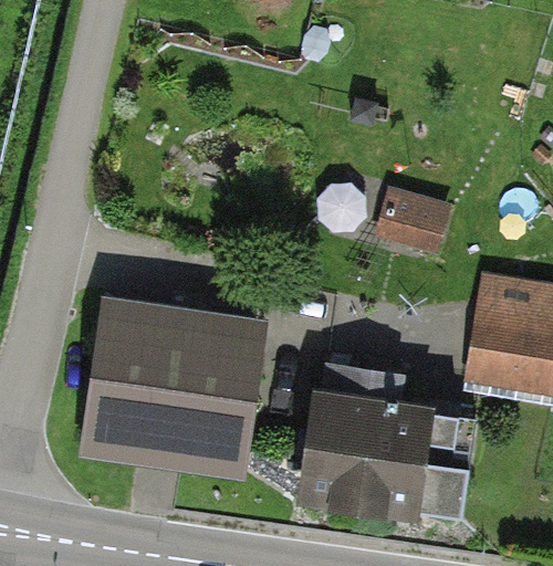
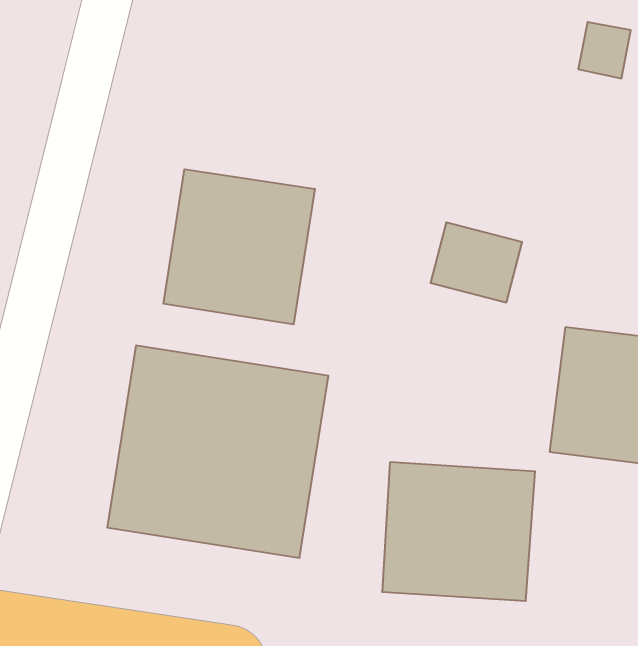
building: none -> [163,169,315,324]

